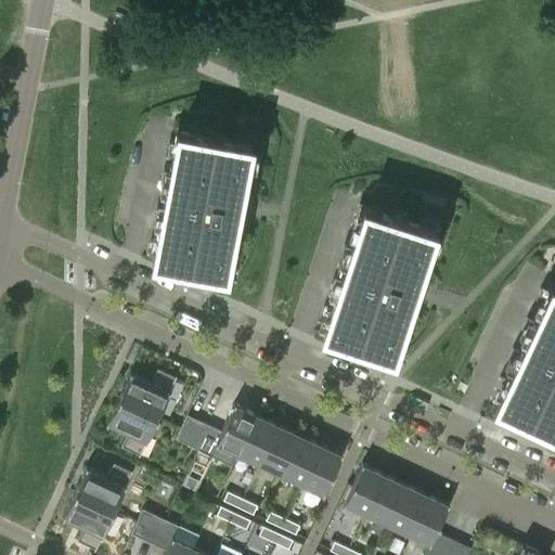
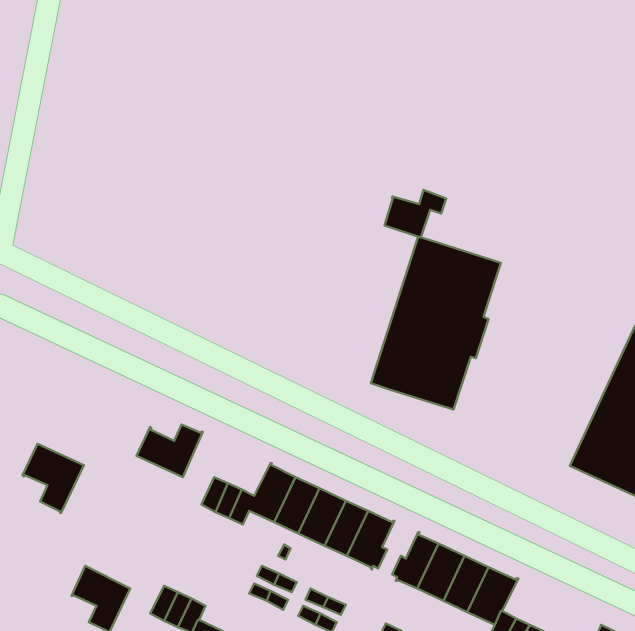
building: [156,135,255,281] -> none
building: none -> [385,190,446,237]
building: [109,402,163,462] -> [22,444,84,513]
building: [78,469,137,517] -> none

